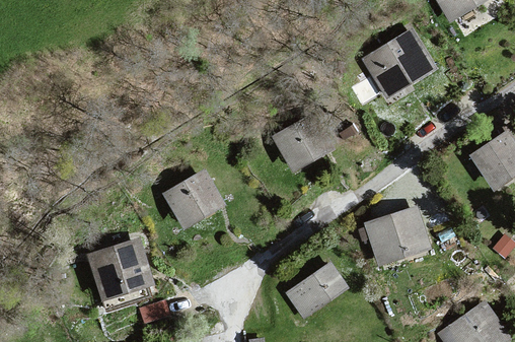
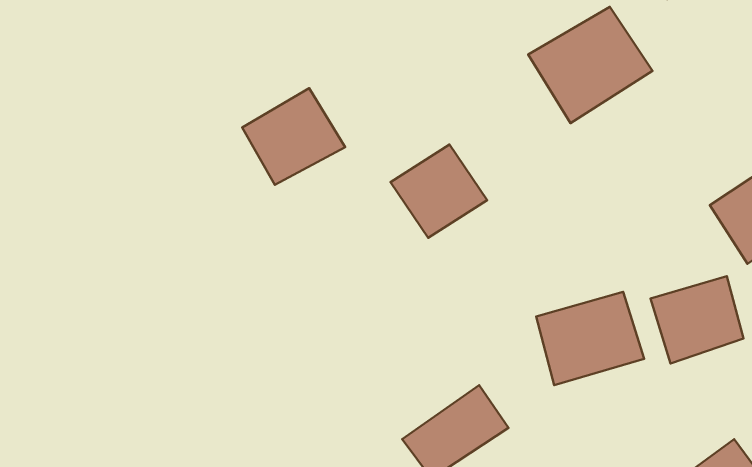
building: [163,170,227,230] -> [242,88,345,185]
building: none -> [650,276,744,363]
building: [85,237,156,301] -> none

